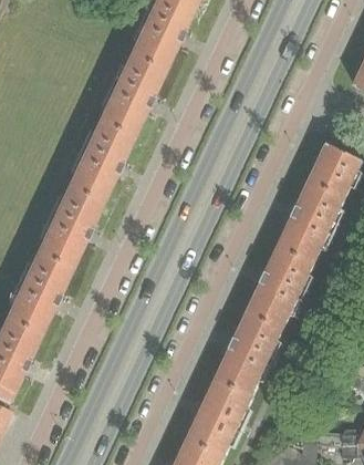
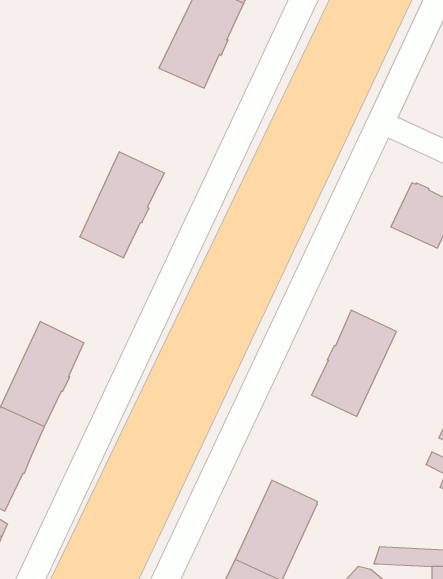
building: [98,55,165,137] -> none
building: [280,179,347,261] -> none
building: [37,187,102,270] -> none
building: [218,311,284,394] -> none

